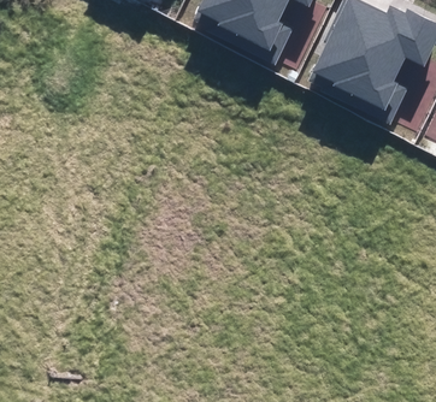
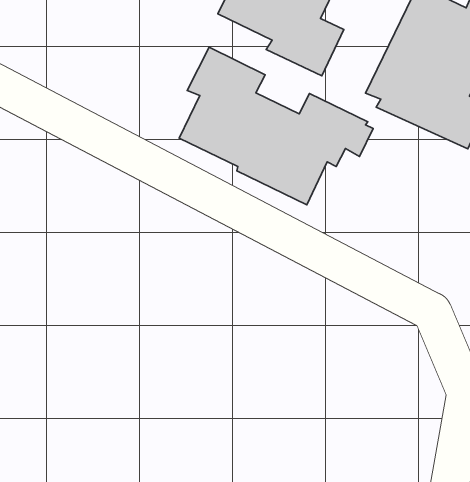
building: none -> [179,47,373,205]

